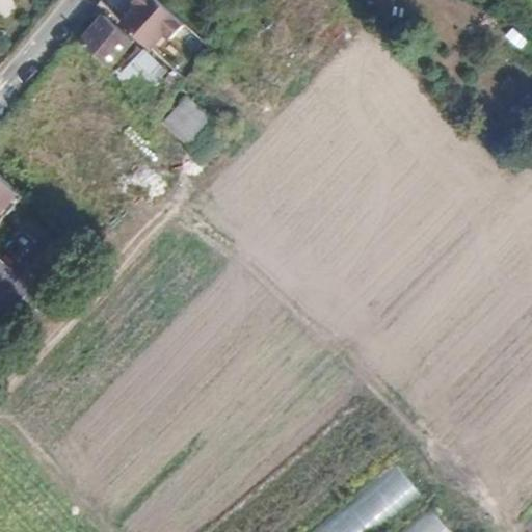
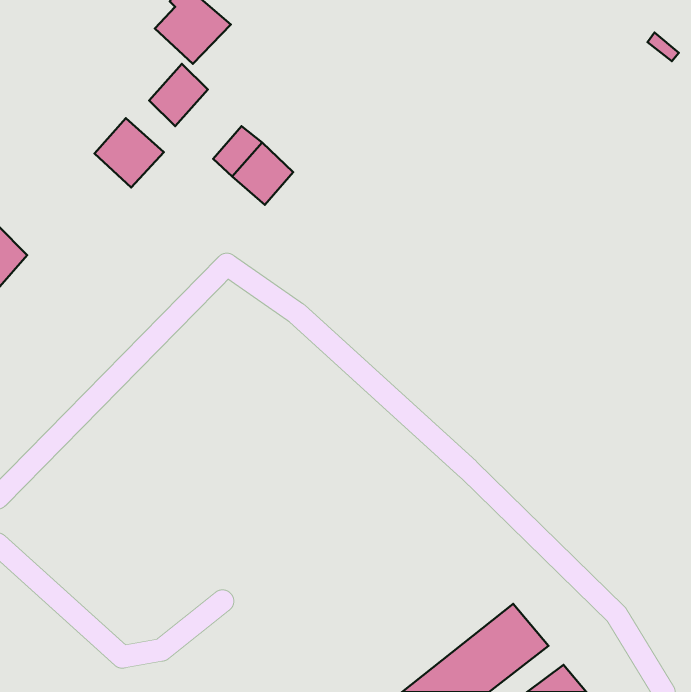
building: [77,14,130,66] -> [95,118,164,187]

